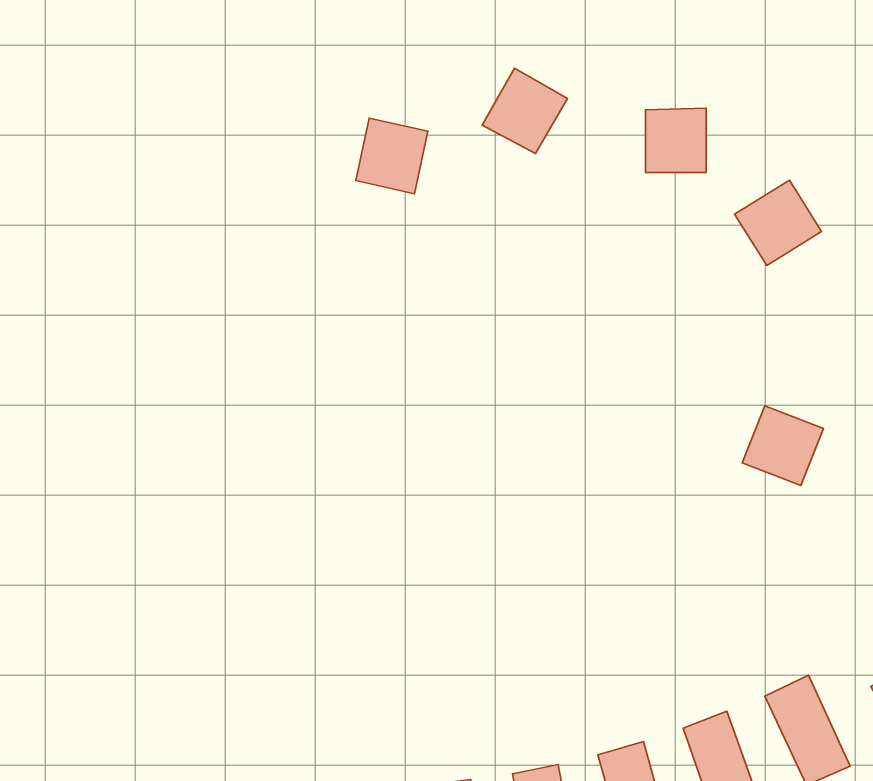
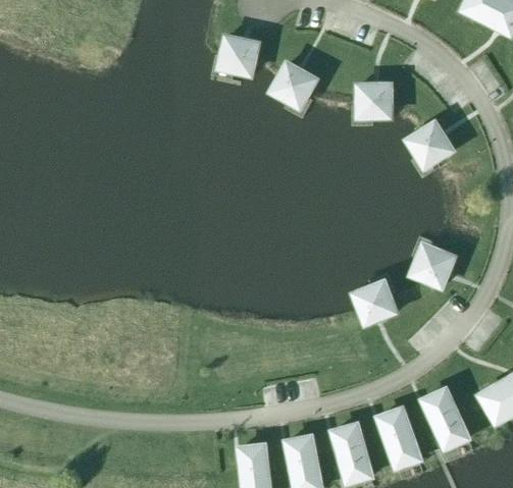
building: [356,118,428,194] -> [219,36,258,76]
building: none -> [354,281,397,325]

